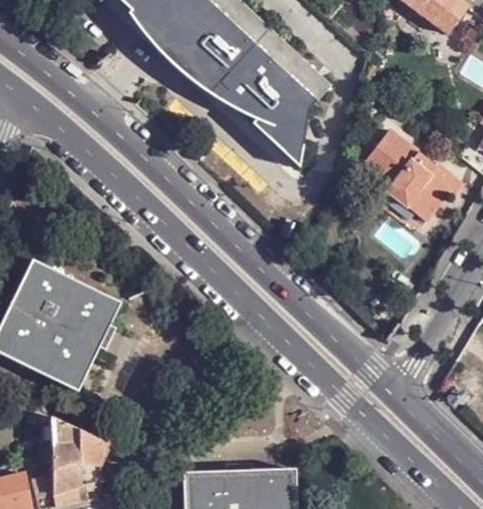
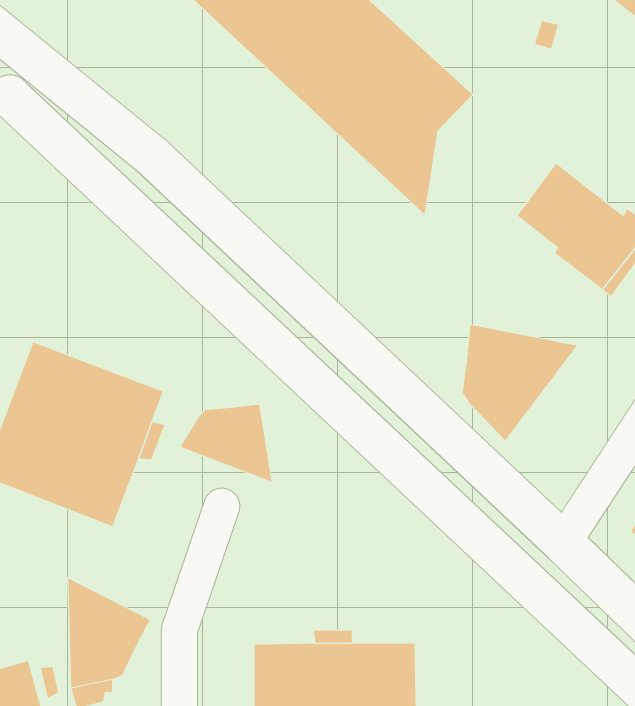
building: none -> [462,324,578,441]
building: none -> [180,404,272,482]

